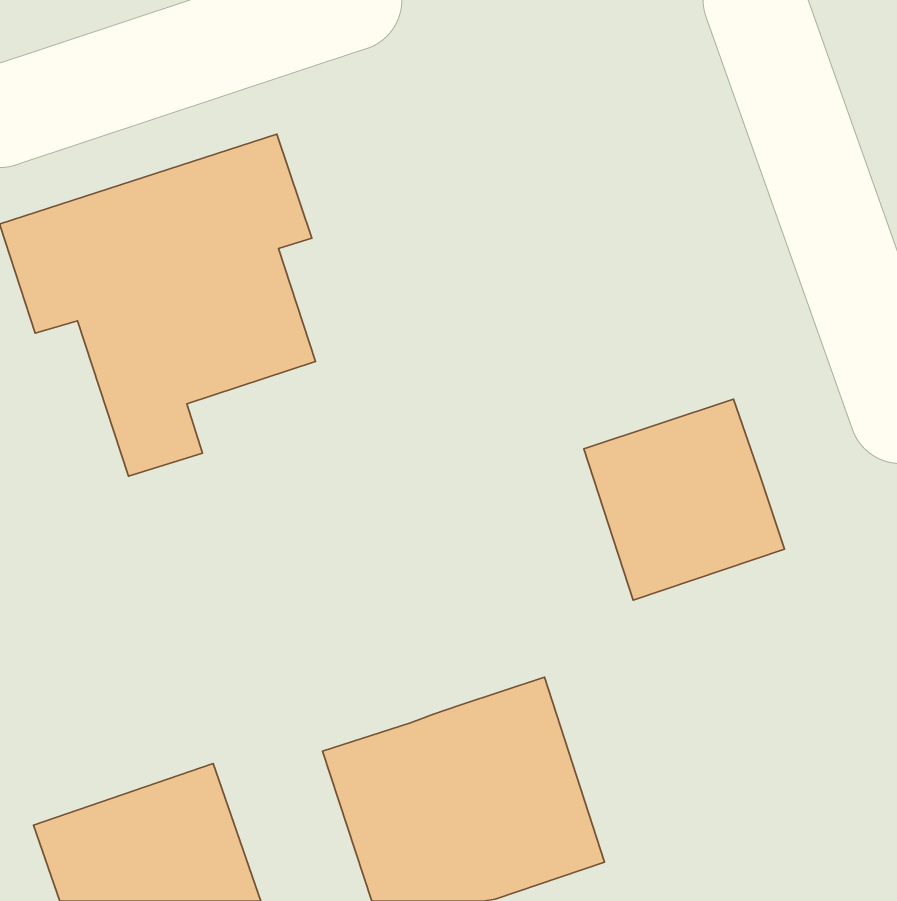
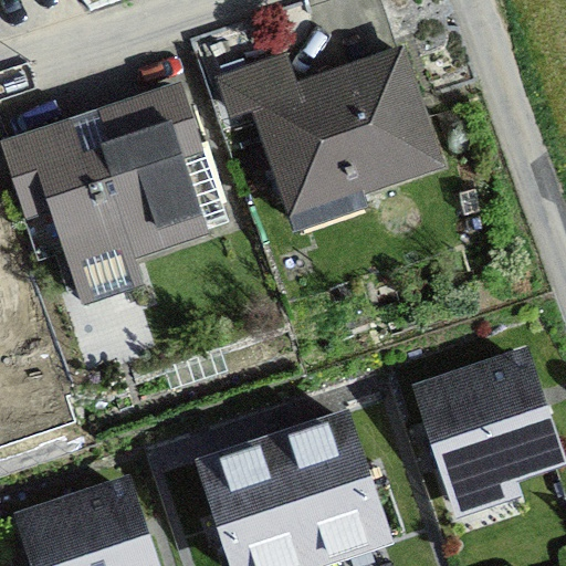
building: none -> [218,54,431,223]
building: [584,399,785,600] -> [426,367,552,493]

